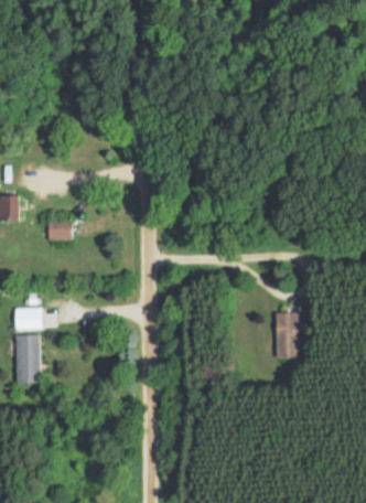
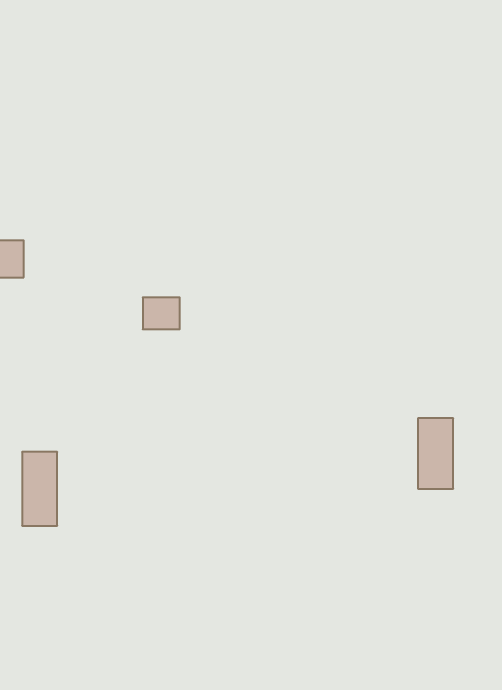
building: [46,220,71,240] -> [143,297,180,329]
building: [14,308,54,330] -> none

